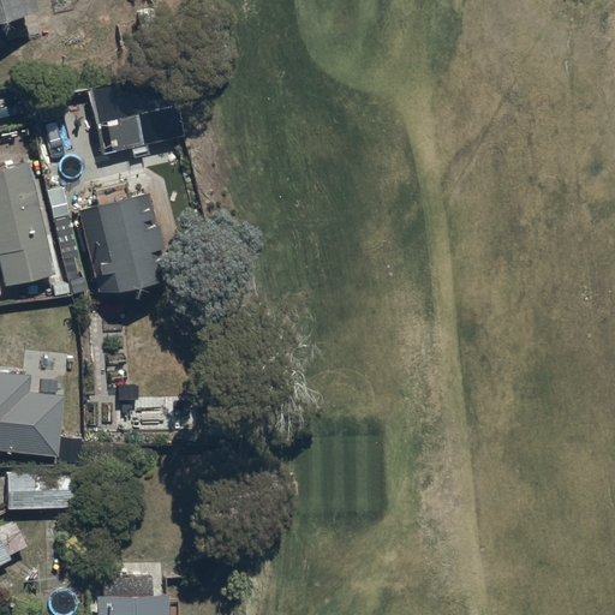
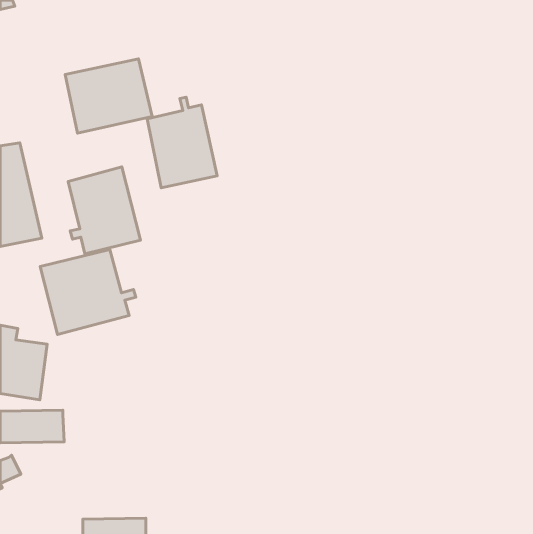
building: none -> [147,97,217,188]
building: none -> [40,250,136,334]

